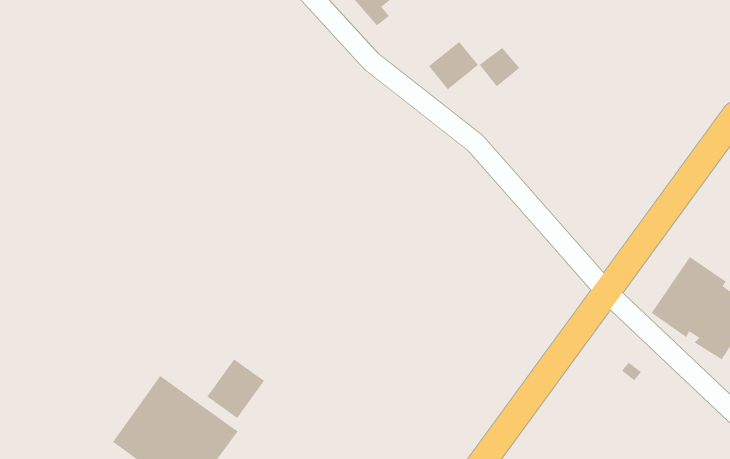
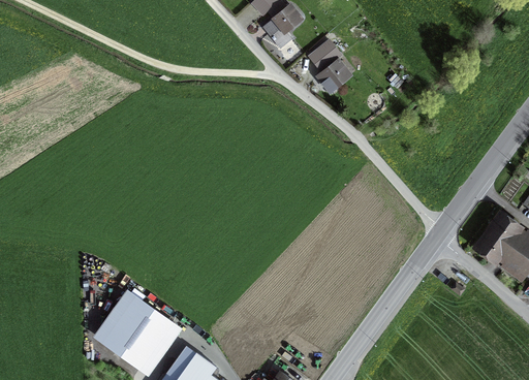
building: [479,47,520,87] -> [312,40,341,68]
building: [207,358,265,419] -> none

